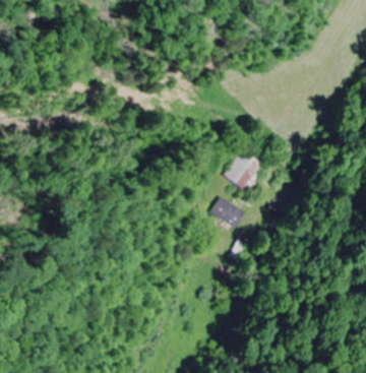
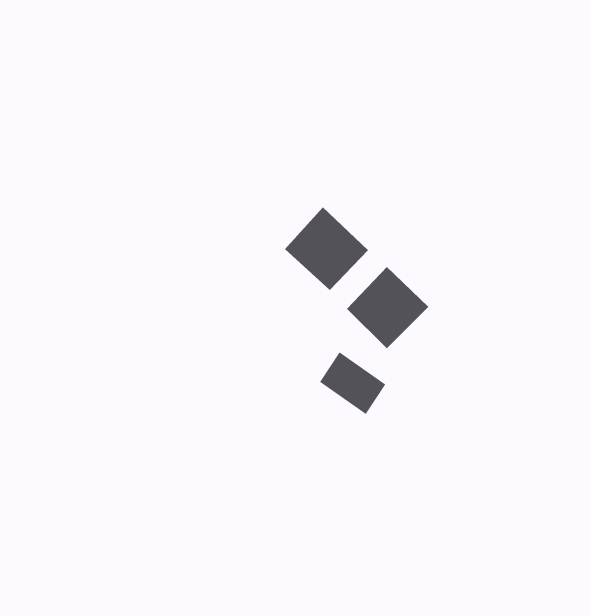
building: none -> [284,206,369,291]

